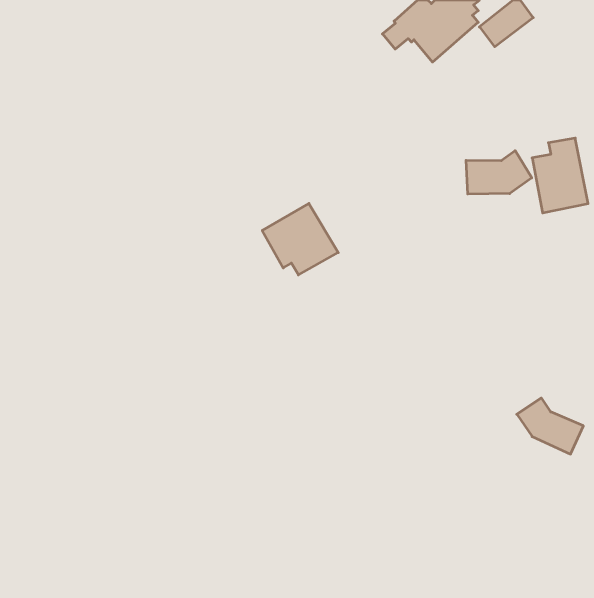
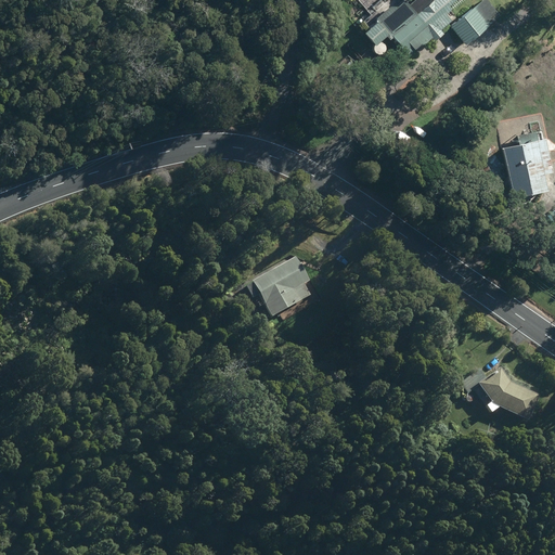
building: [466,151,532,194] -> none
building: [262,203,338,275] -> [256,253,326,319]

